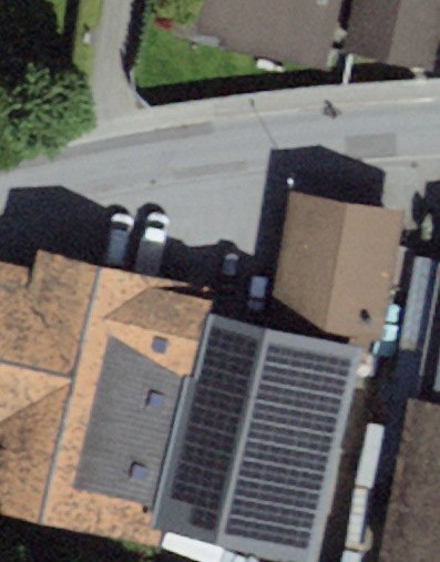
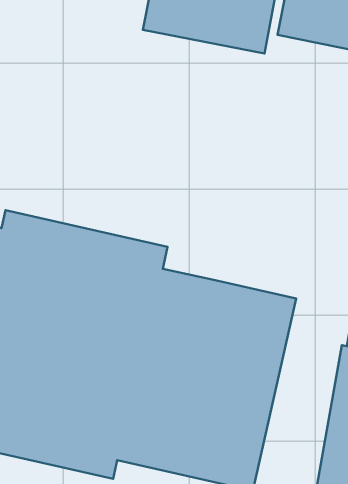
building: [269,193,406,347] -> none

